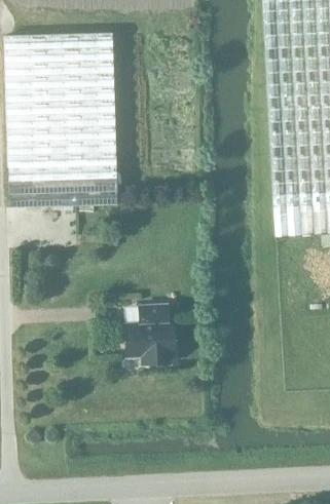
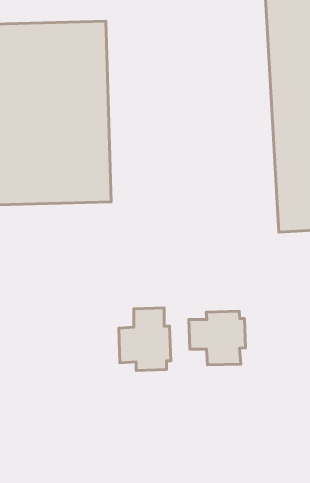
building: none -> [189,311,245,365]

